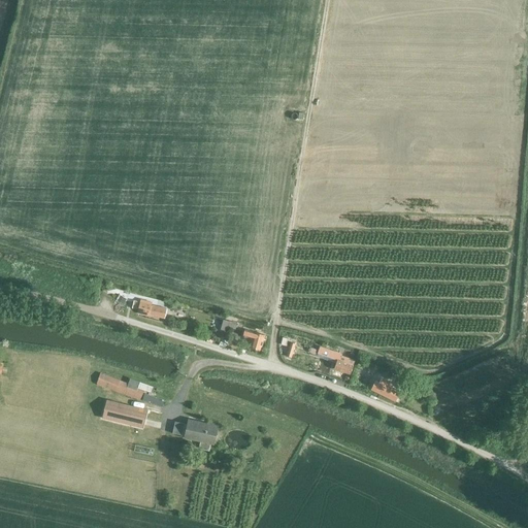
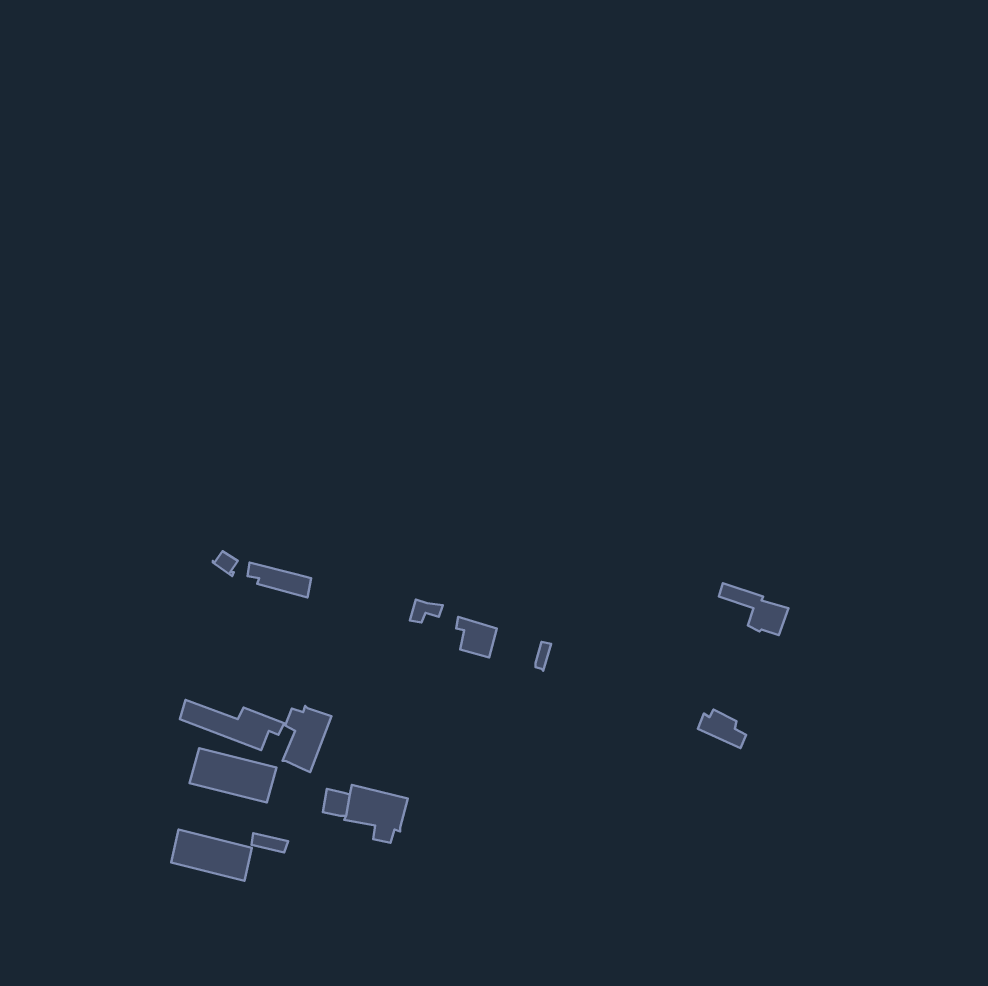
building: [318,345,355,373] -> [719,583,788,635]
building: none -> [282,706,331,772]
building: none -> [171,829,252,881]

